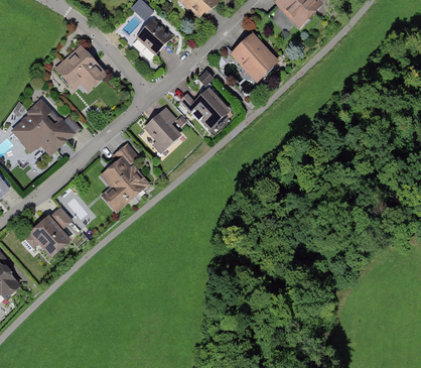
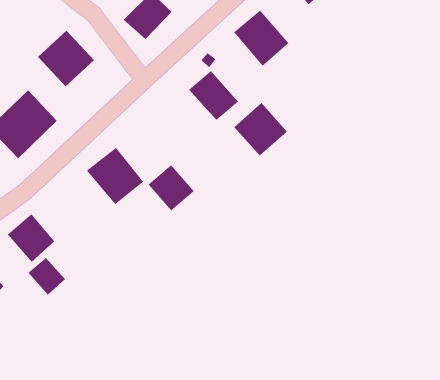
building: [141,107,183,149] -> [148,164,195,211]
building: none -> [233,102,288,157]
building: none -> [28,257,66,295]

